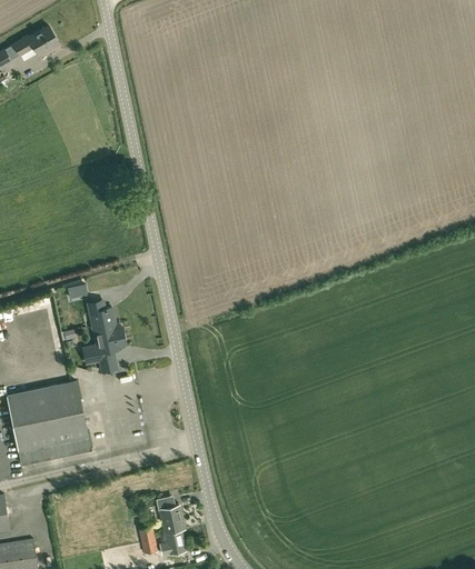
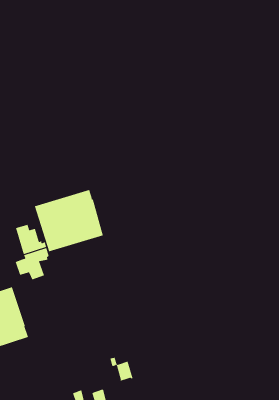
building: none -> [34,189,104,252]
building: [155,498,184,531] -> [109,357,134,382]

